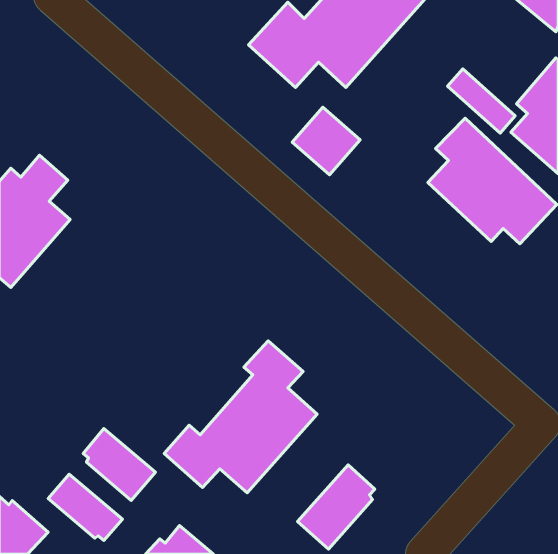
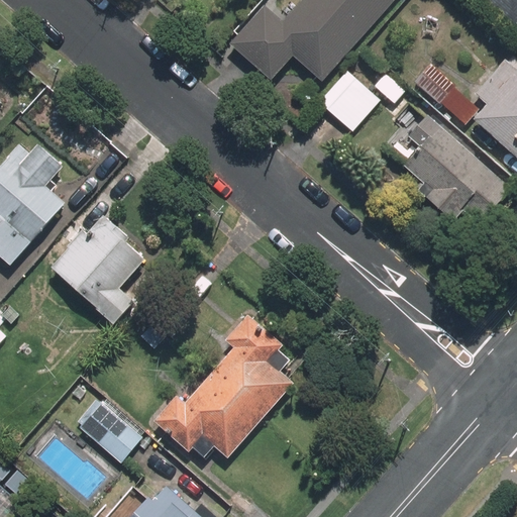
building: [292,107,360,175] -> [318,69,381,131]
building: none -> [49,214,144,325]
building: [298,465,375,549] -> none
building: [48,474,122,541] -> none

